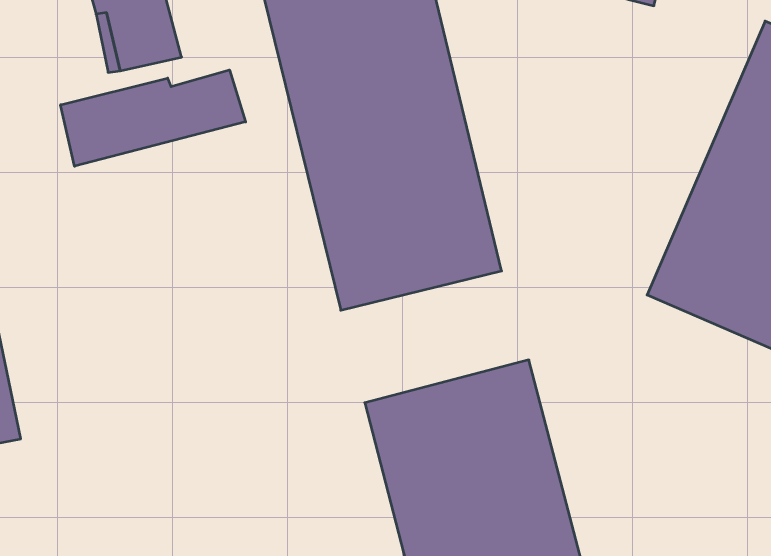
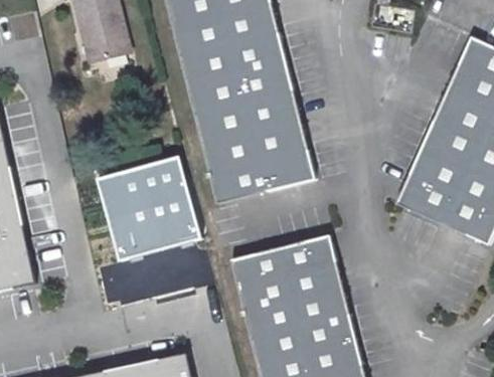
building: [61,70,246,166] -> none
building: none -> [94,158,195,260]

